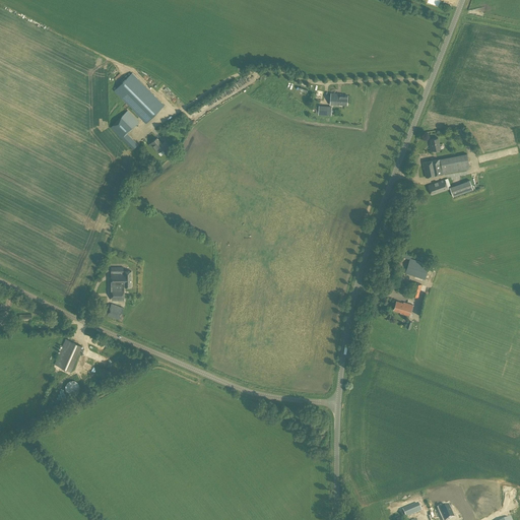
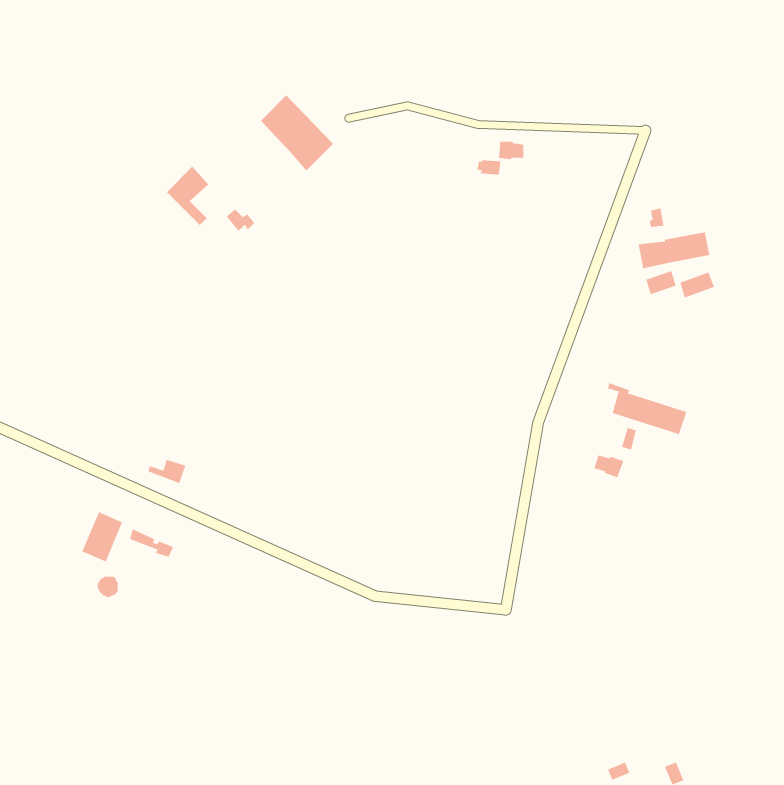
building: [114,73,162,124] -> [260,95,334,171]
building: [110,267,130,301] -> none

